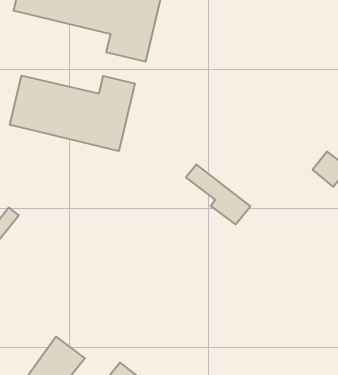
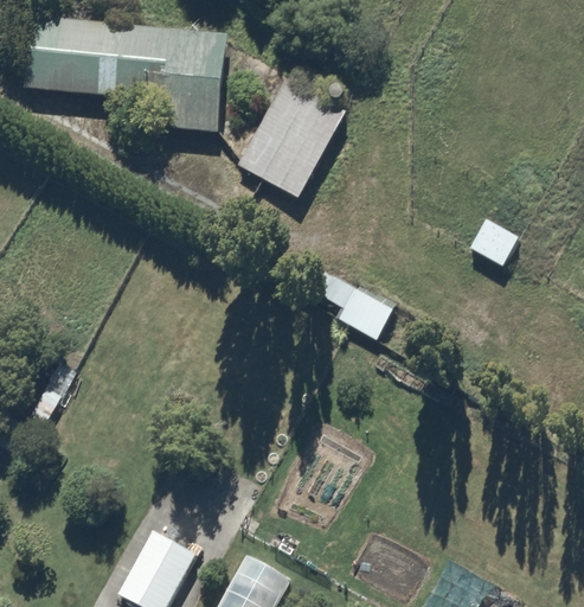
building: none -> [237,79,345,198]
building: [10,76,135,151] -> none

